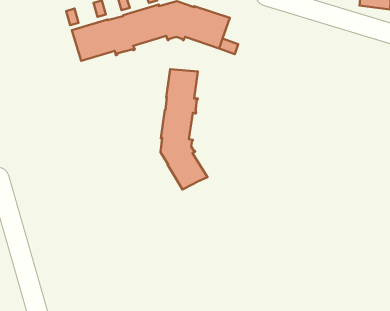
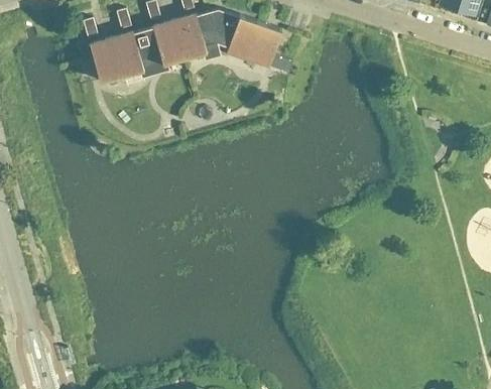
building: [161,69,207,190] -> none

